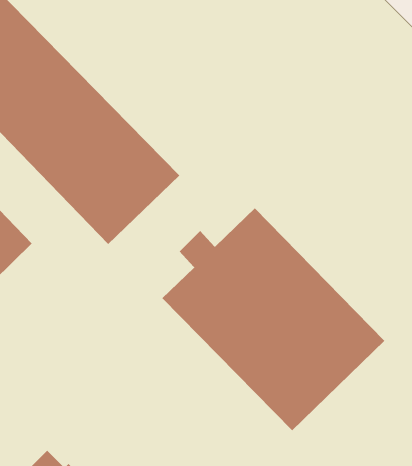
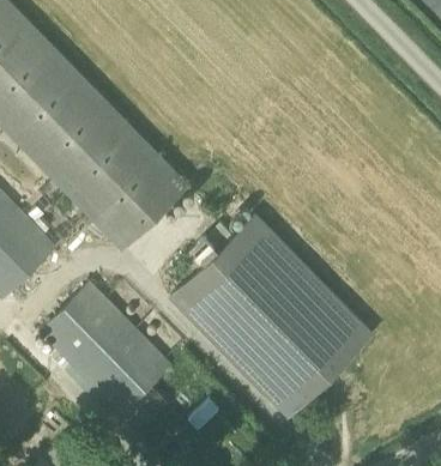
building: none -> [38,283,170,414]

